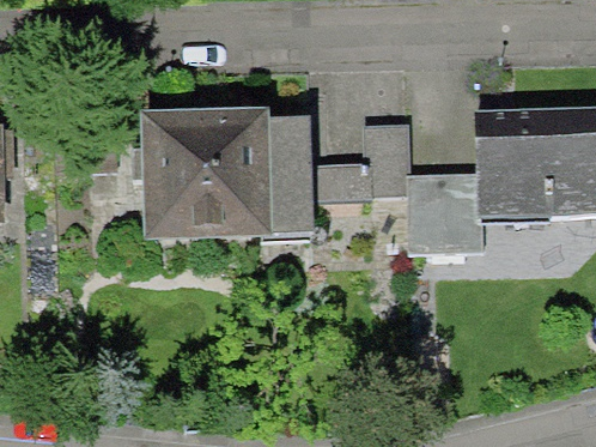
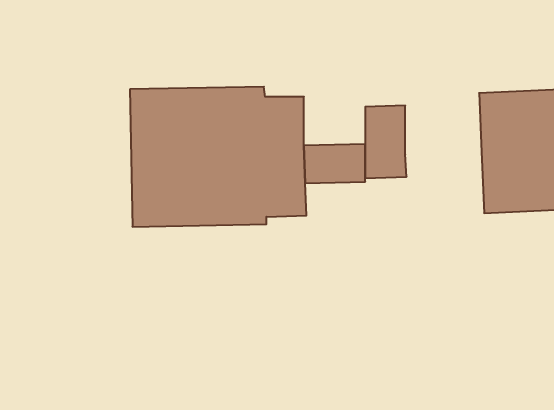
building: [407,169,482,250] -> none

